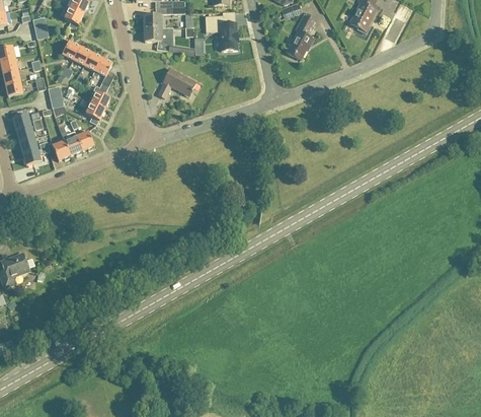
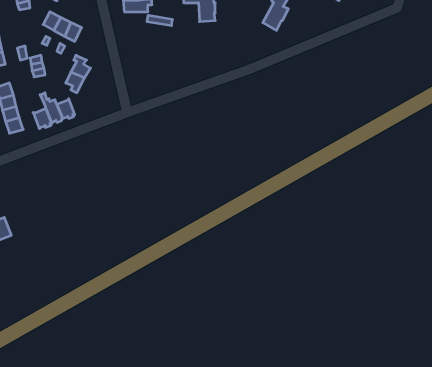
building: [92,57,115,90] -> none
building: [158,68,196,97] -> none

